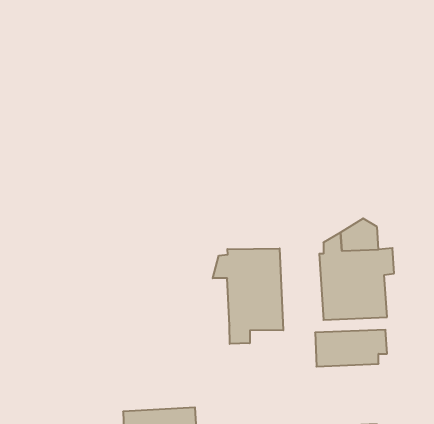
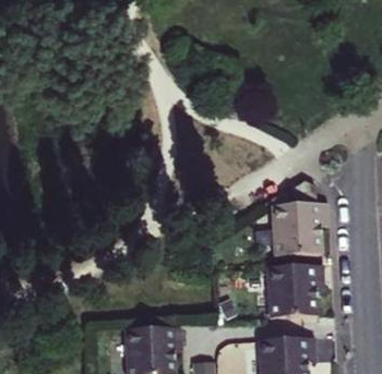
building: [213,248,283,344] -> none
building: none -> [268,292,319,323]

